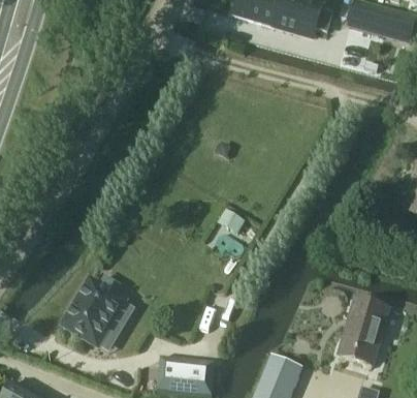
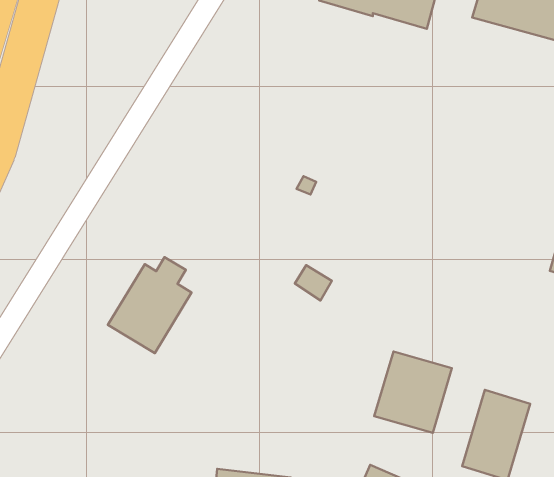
building: none -> [374,352,452,433]
building: [63,276,124,346] -> [108,257,192,353]

